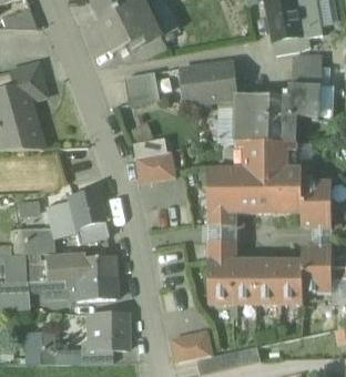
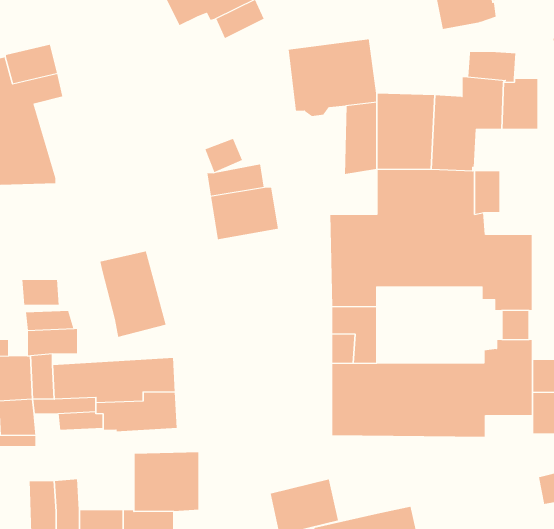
building: [125,72,161,103] -> none
building: [48,202,75,236] -> none

